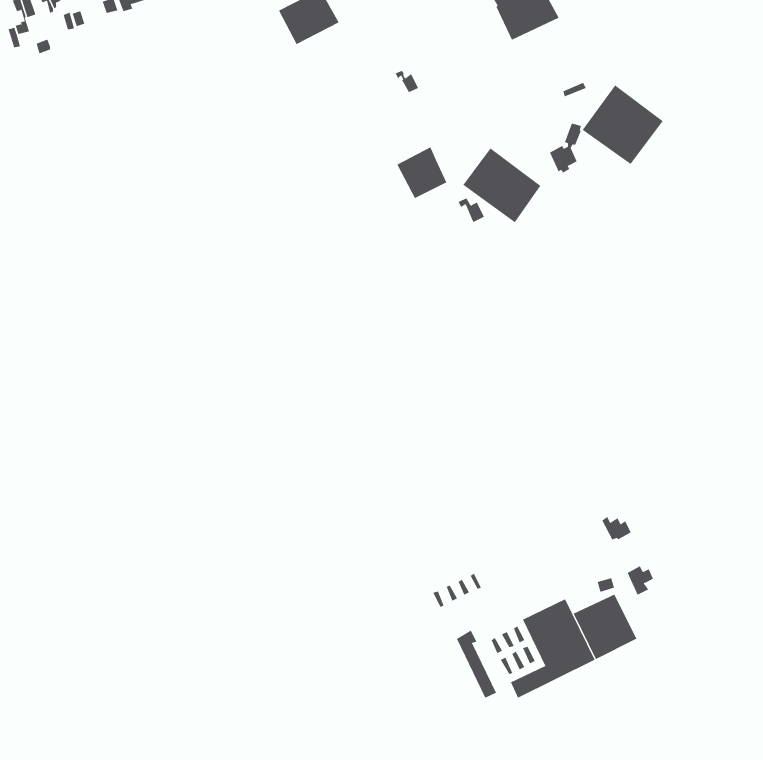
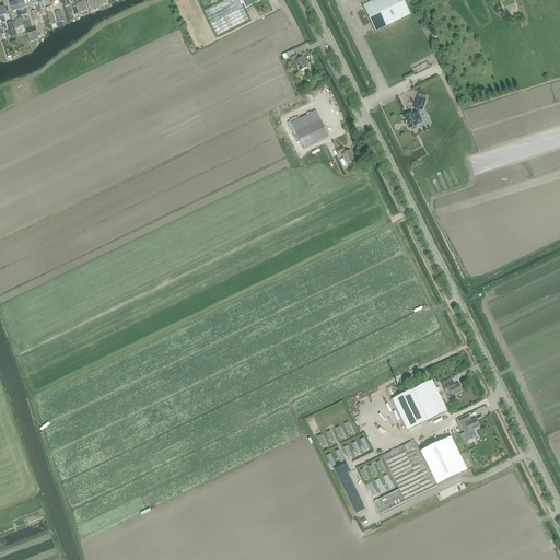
building: [582,84,664,165] -> none
building: [463,148,541,223] -> none
building: none -> [390,376,447,429]

